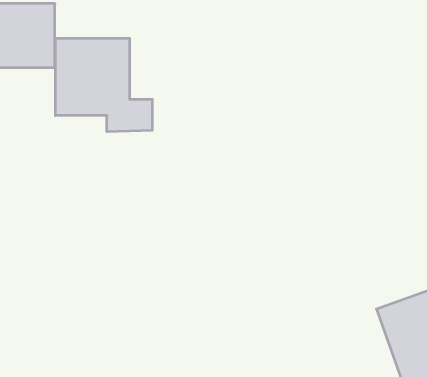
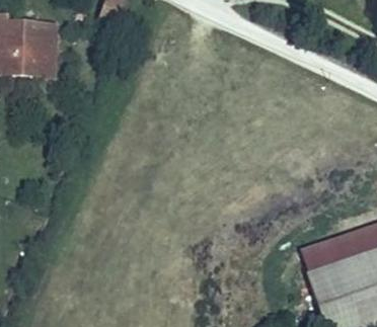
building: [55,38,152,132] -> none

